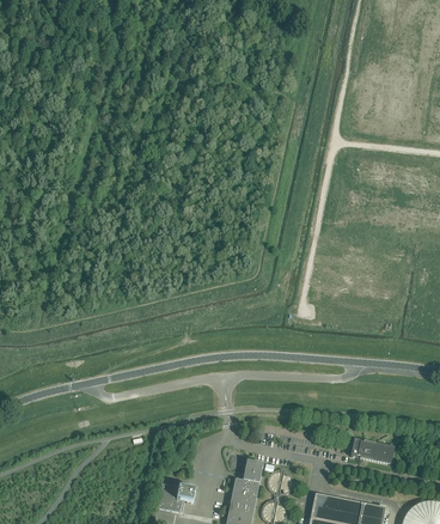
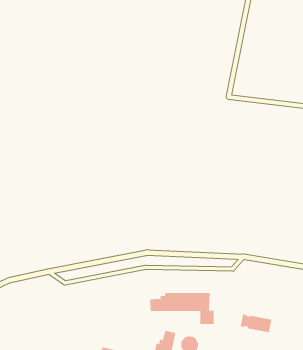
building: none -> [150,292,214,325]

